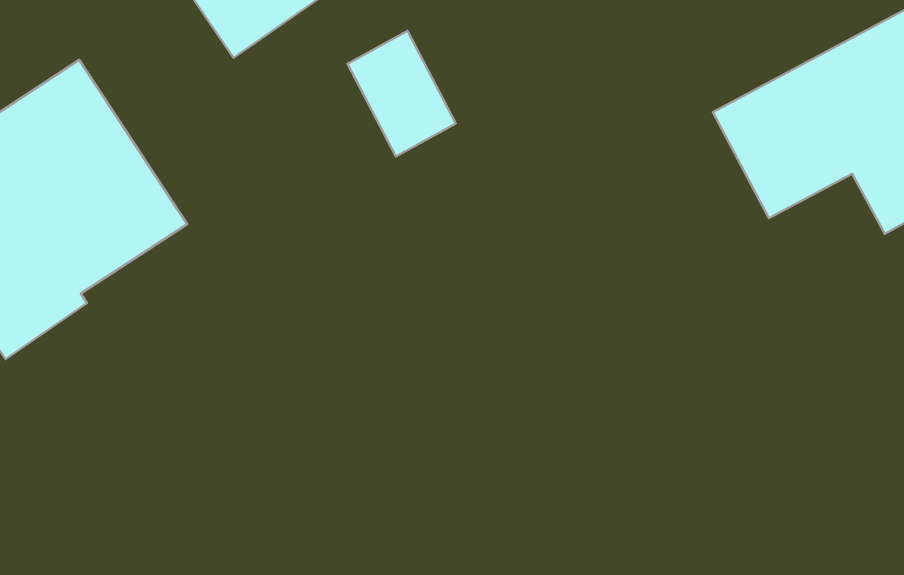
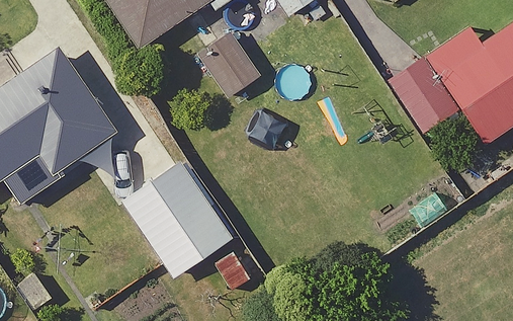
building: none -> [119,155,236,279]

